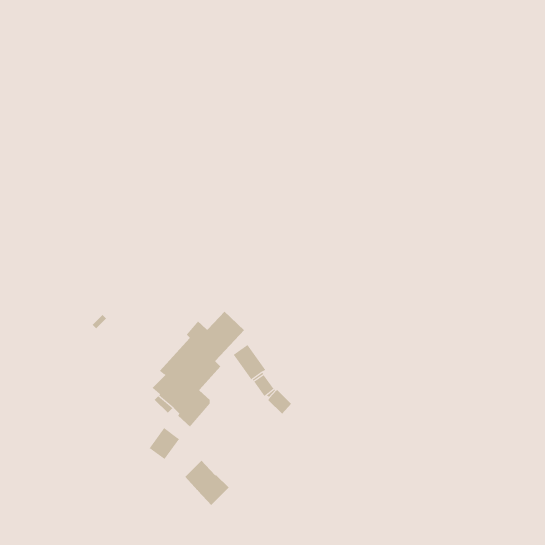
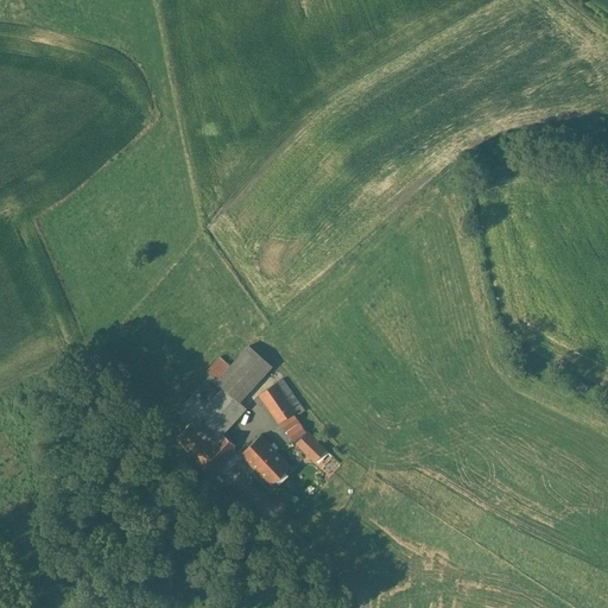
building: [149,427,180,460] -> none
building: [185,460,229,506] -> [242,436,292,487]

